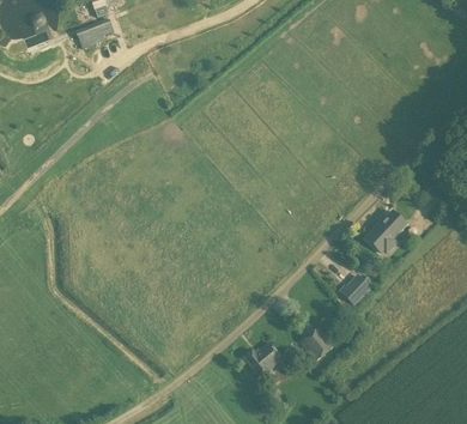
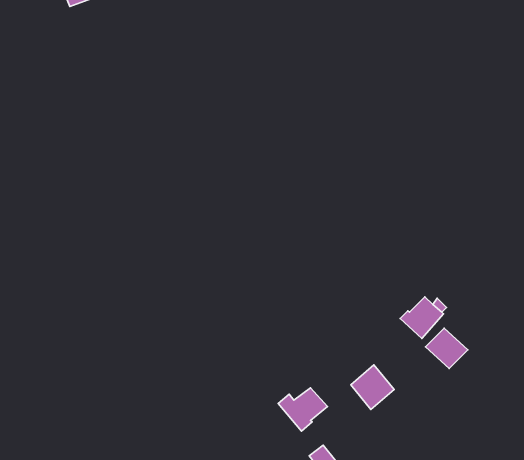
building: [369,210,405,252] -> none
building: none -> [426,328,468,369]

